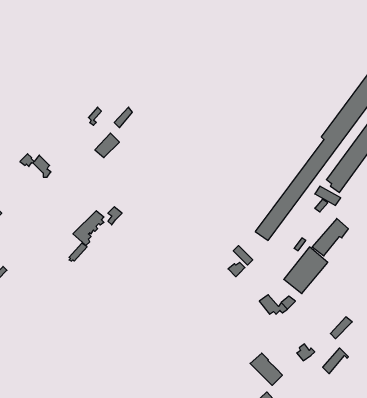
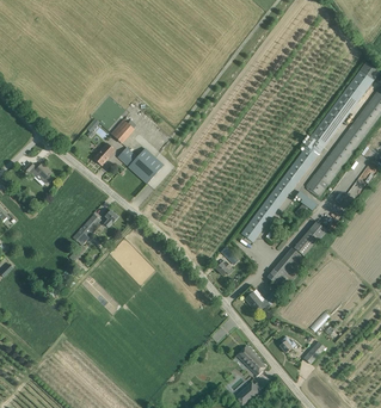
building: none -> [117,147,162,183]

